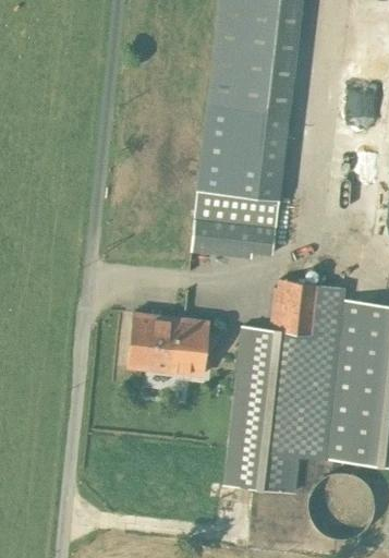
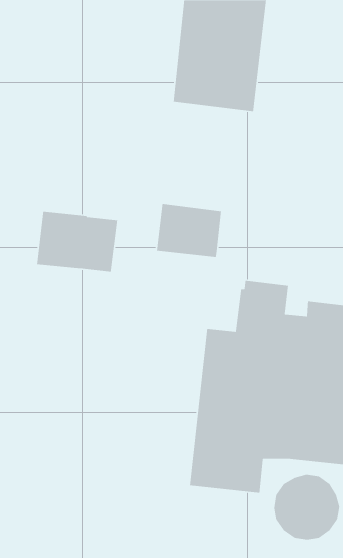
building: [198,102,289,199] -> none
building: [253,210,278,254] -> none
building: [127,313,209,374] -> [36,211,118,272]

